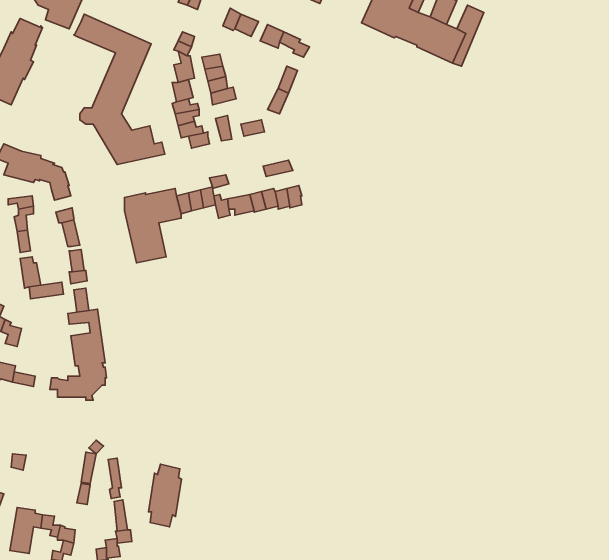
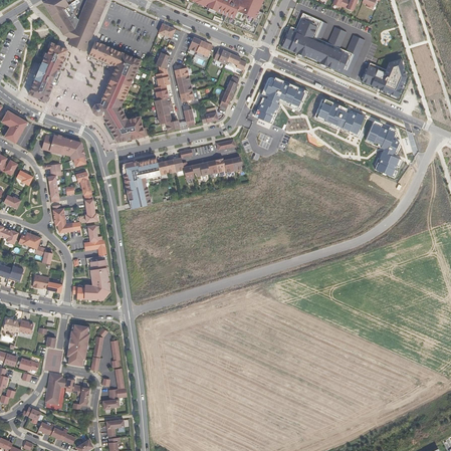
building: none -> [361,58,406,96]
building: none -> [253,76,306,124]
building: none -> [313,97,366,136]
building: none -> [366,120,401,177]
building: [149,464,181,527] -> [66,323,88,366]

